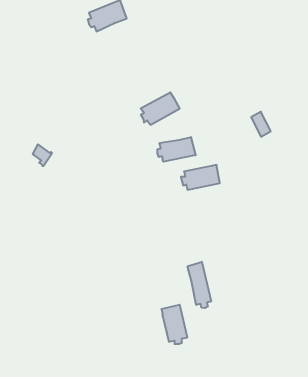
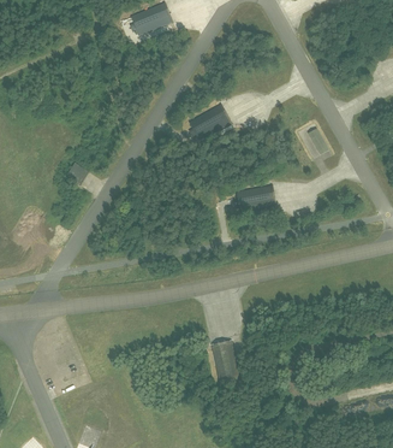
building: [157,137,196,162] -> none
building: [188,262,211,308] -> none

